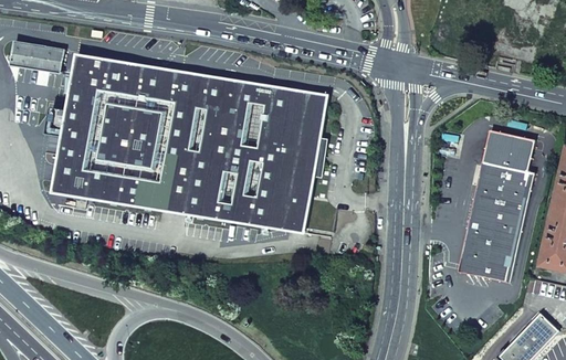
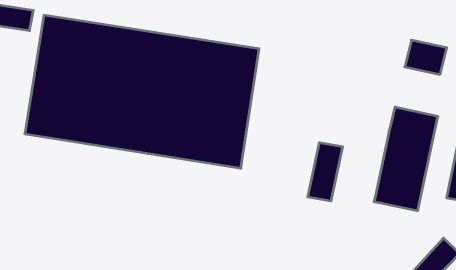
building: [482,130,531,170] -> [405,40,447,74]
building: none -> [308,143,343,201]

